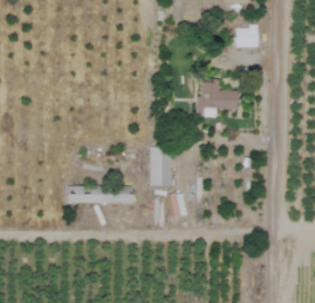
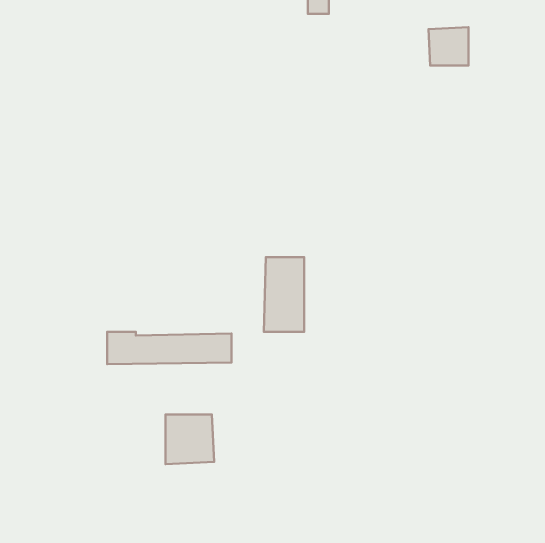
building: [196,80,238,115] -> none
building: none -> [165,414,214,464]

